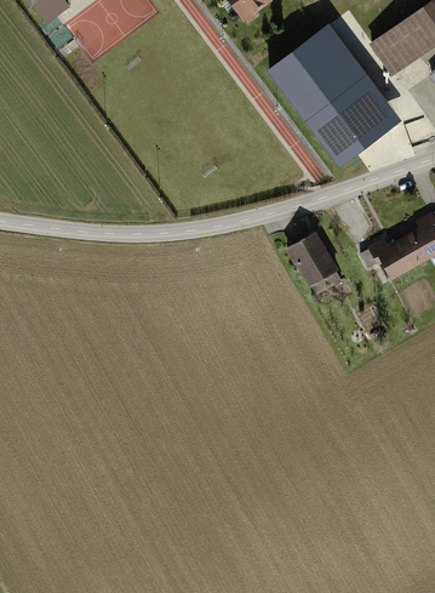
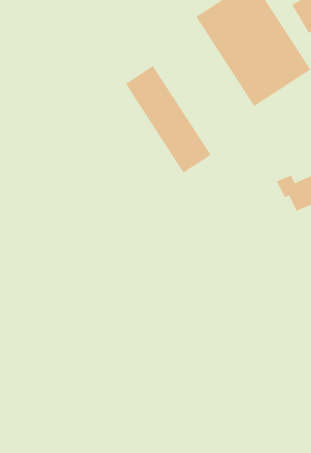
building: none -> [125,65,211,173]
building: [286,232,337,286] -> none

